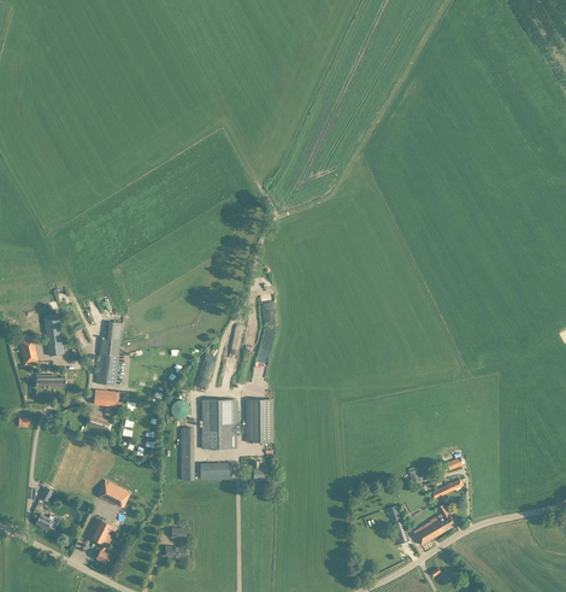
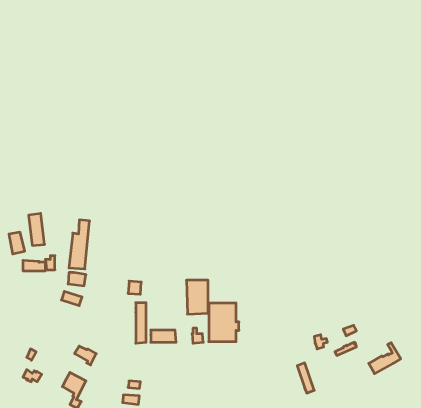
building: [201,399,240,449] -> [209,303,239,342]
building: [413,504,454,544] -> [369,343,401,374]

